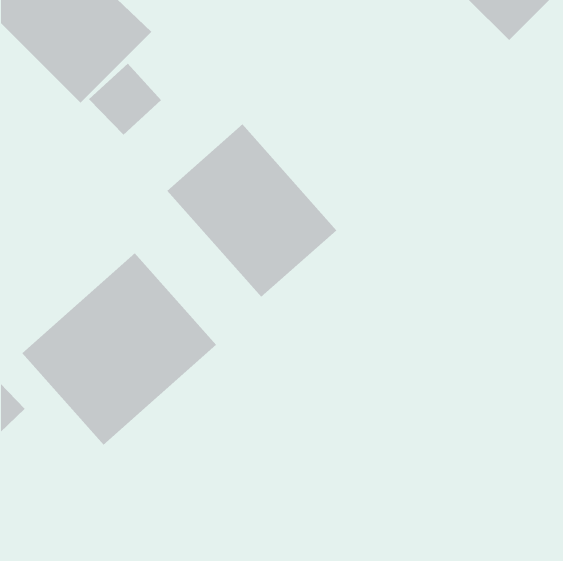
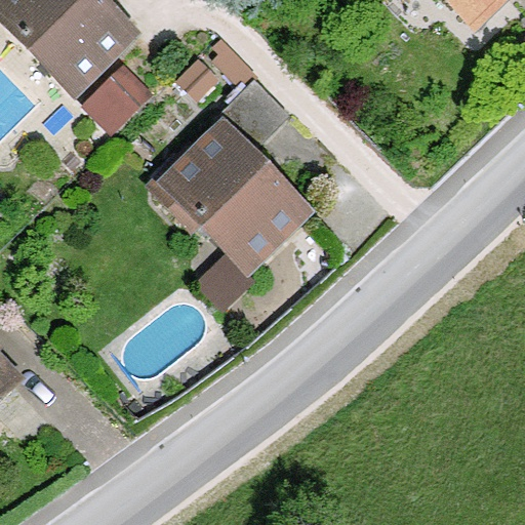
building: [21,253,217,445] -> none

